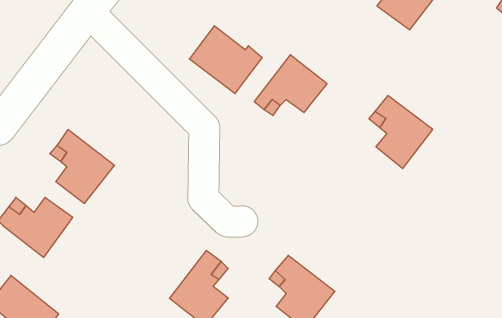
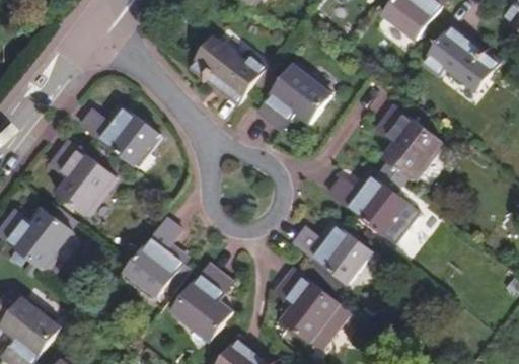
building: none -> [424,27,499,95]
building: none -> [81,103,160,166]
building: none -> [328,173,406,234]
building: none -> [125,219,187,297]
building: none -> [292,223,372,284]

